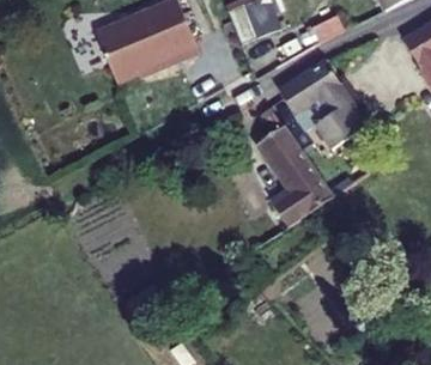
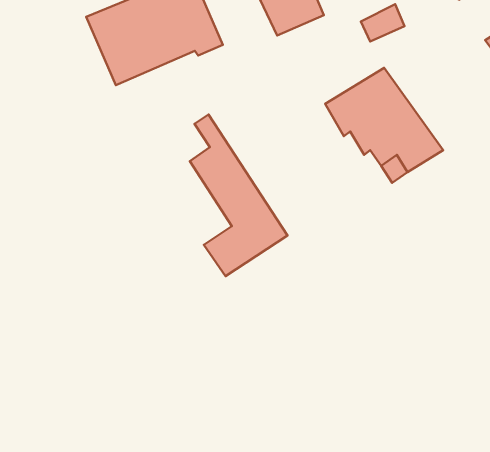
building: [259,110,334,235] -> [190,114,288,276]

